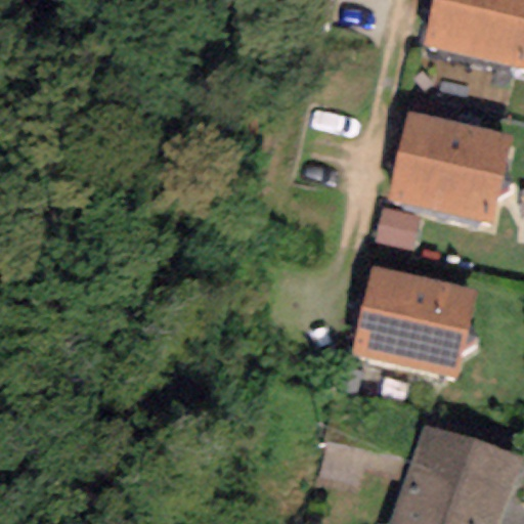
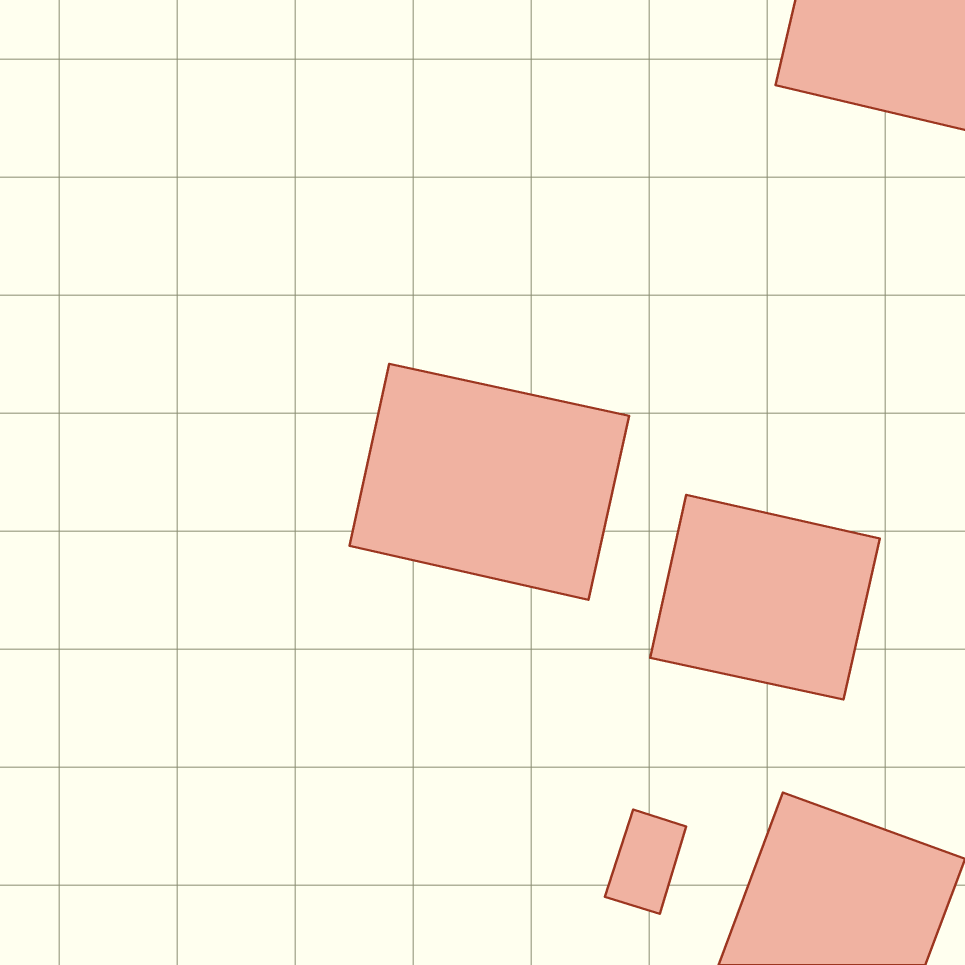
building: [387,110,514,223] -> none
building: none -> [350,364,629,600]

